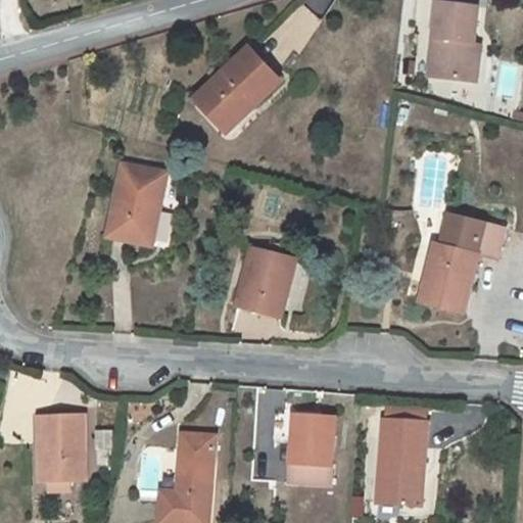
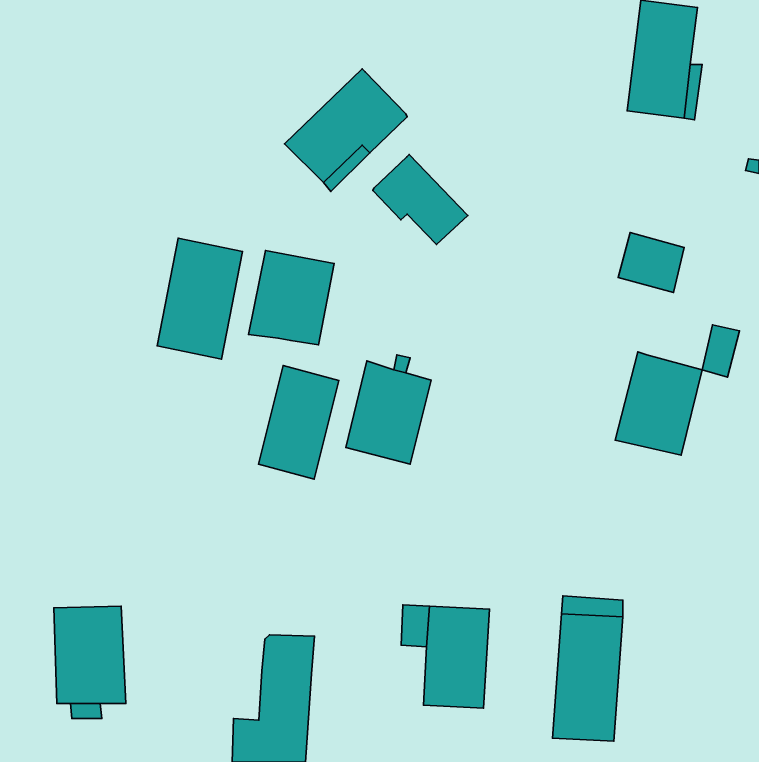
building: none -> [373,155,468,245]
building: none -> [248,251,334,345]
building: [441,211,486,252] -> [618,232,684,292]
building: none -> [258,365,339,479]

